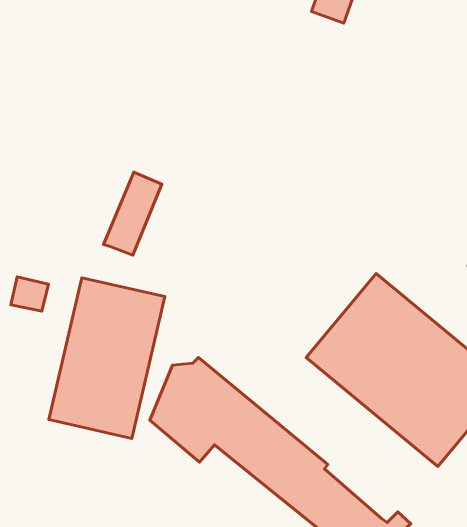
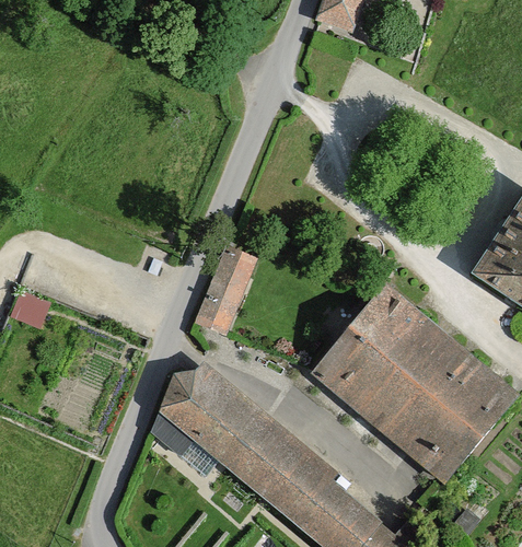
building: [104,172,162,255] -> [196,247,255,331]
building: [49,278,165,438] -> none

